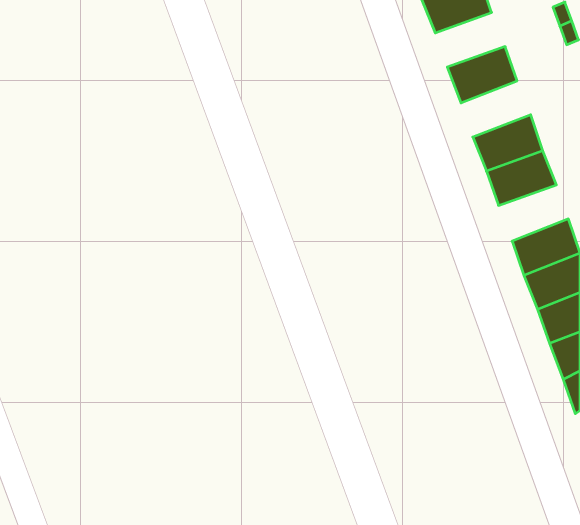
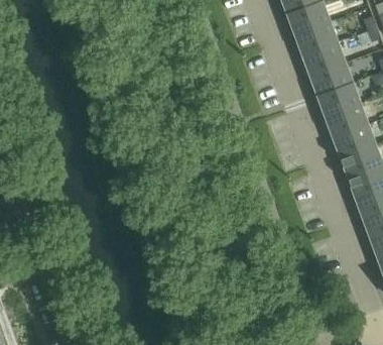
building: none -> [295,23,337,55]
building: none -> [310,64,352,97]
building: none -> [333,125,374,158]

